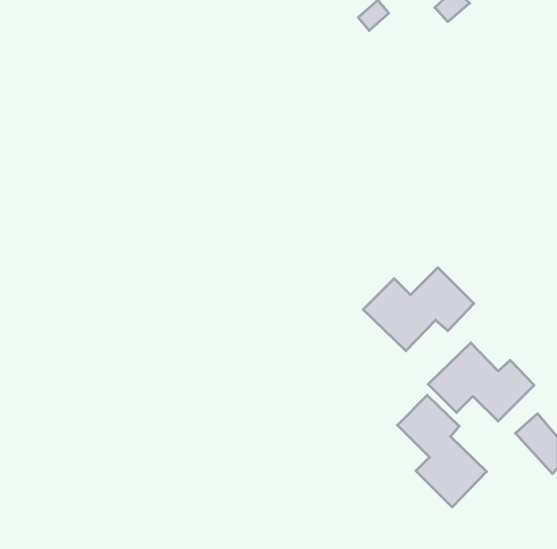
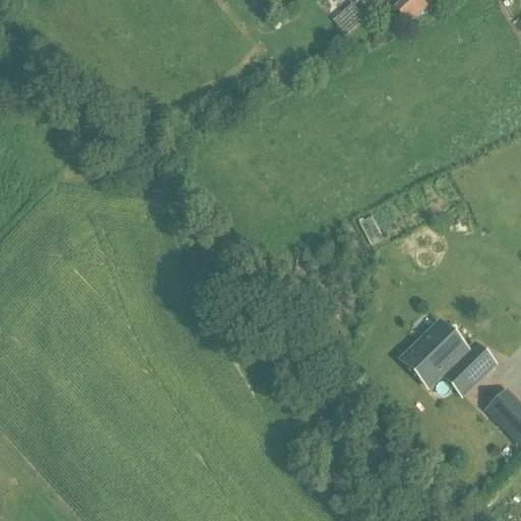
building: [363,268,474,351] -> none
building: [397,395,487,507] -> none

